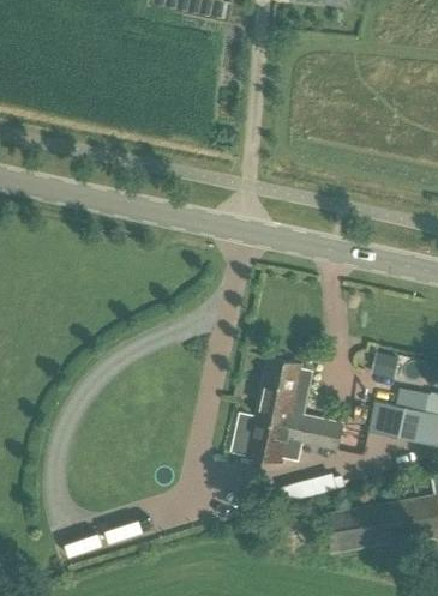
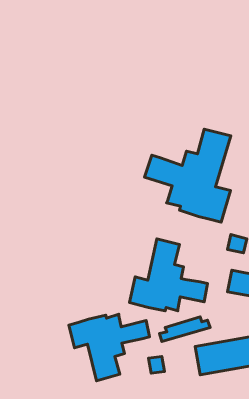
building: none -> [144,129,231,222]
building: none -> [69,314,149,381]

